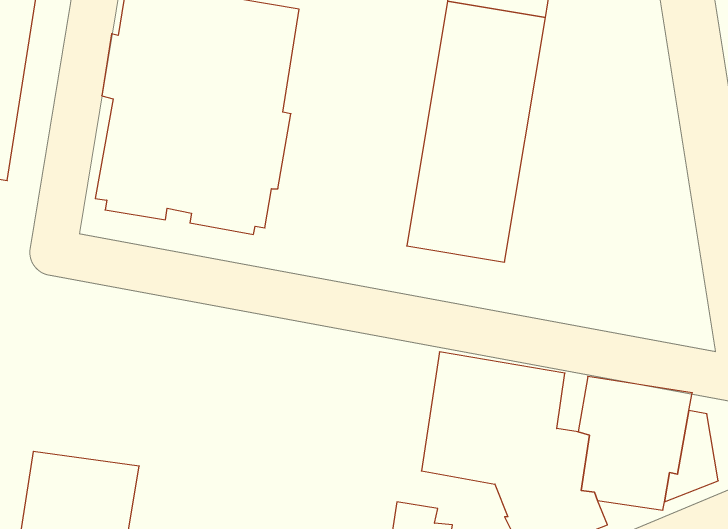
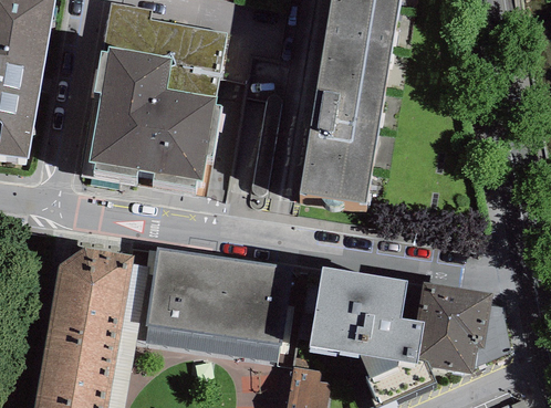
building: none -> [45,248,133,344]
building: none -> [144,249,292,363]

